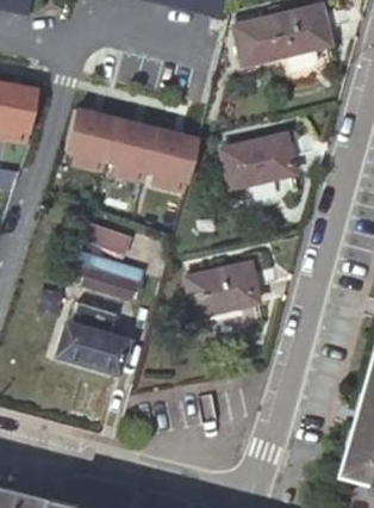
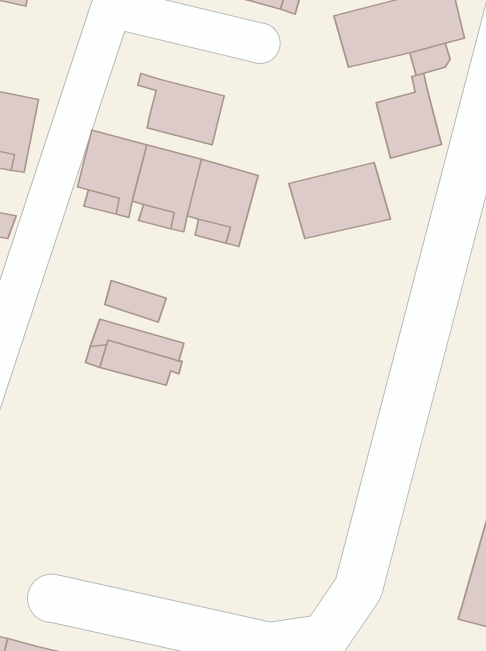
building: none -> [376,73,441,158]
building: none -> [138,74,224,145]
building: [185,262,260,318] -> none
building: [56,303,123,372] -> none

